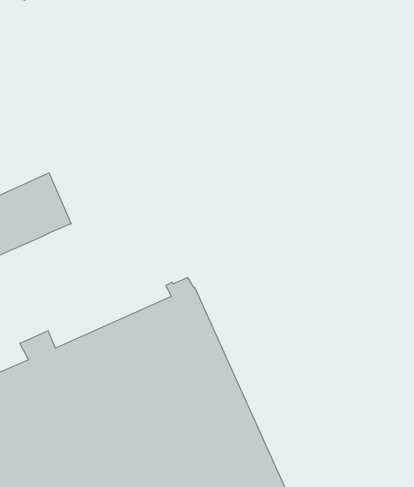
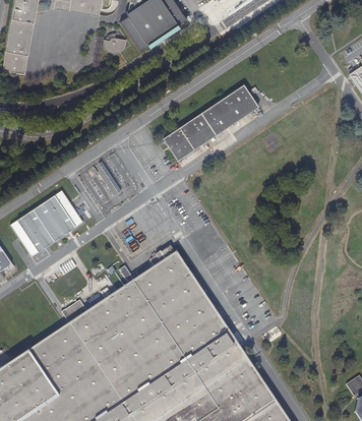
building: none -> [163,84,258,161]

